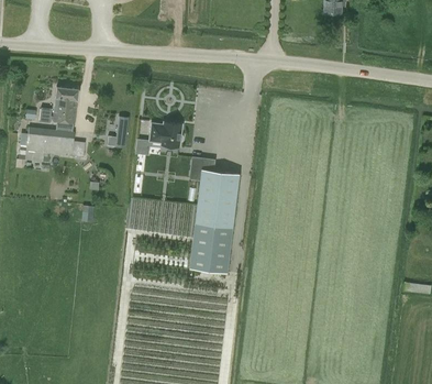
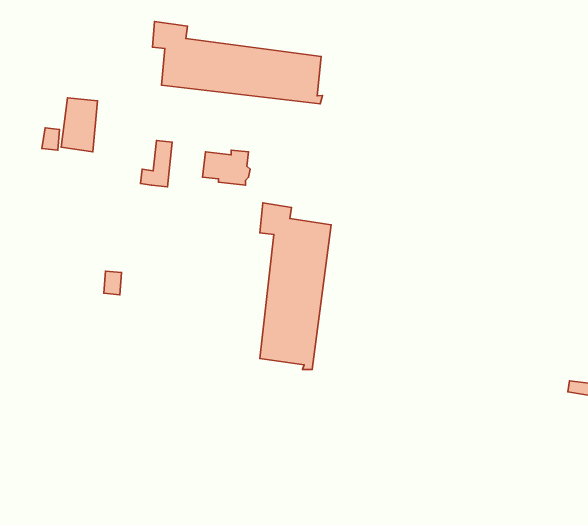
building: none -> [153,22,323,104]
building: [20,127,85,161] -> none

